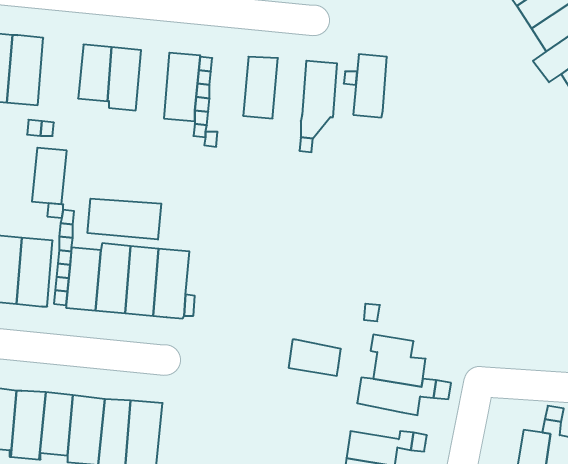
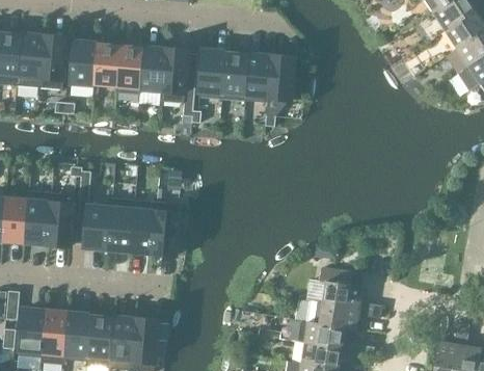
building: none -> [137,48,163,101]
building: none -> [197,51,224,99]
building: [353,54,387,117] -> [243,54,269,103]
building: [32,148,67,204] -> [70,42,97,85]
building: [88,199,161,240] -> none
building: [289,340,341,376] -> [303,321,344,349]

